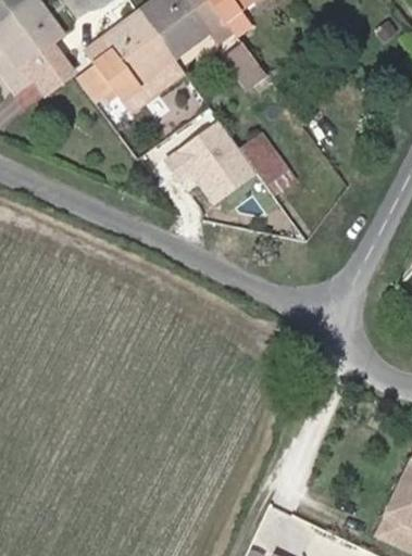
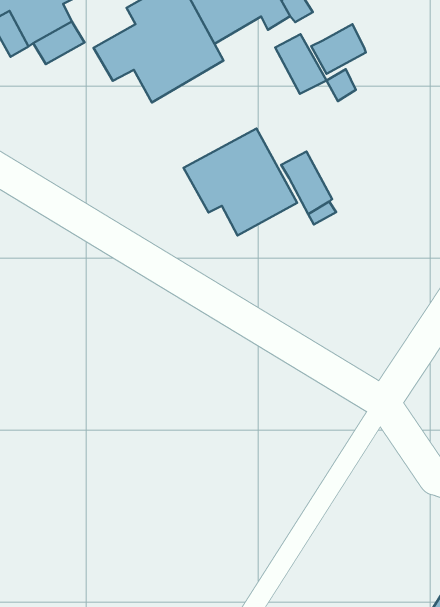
building: none -> [311,24,366,74]

